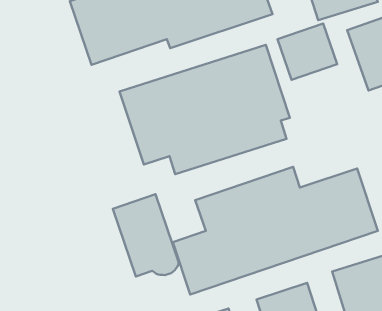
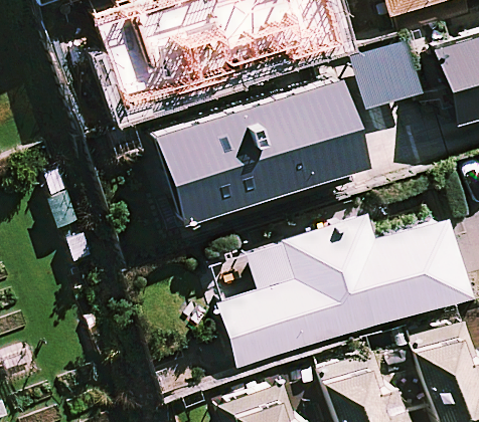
building: [113,194,179,277] -> none

